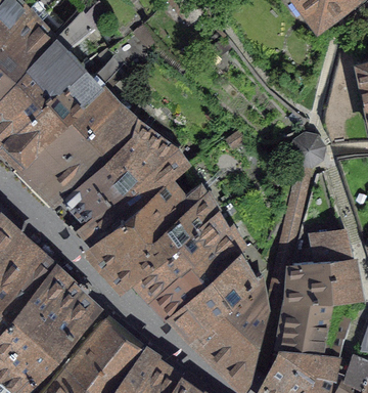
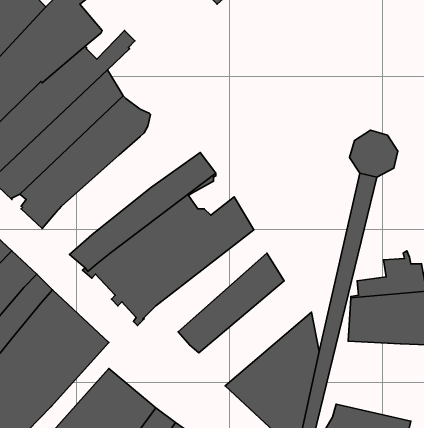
building: [50,123,174,232] -> none
building: [139,213,226,293] -> none
building: [173,253,261,335] -> none
building: [280,300,341,362] -> none

